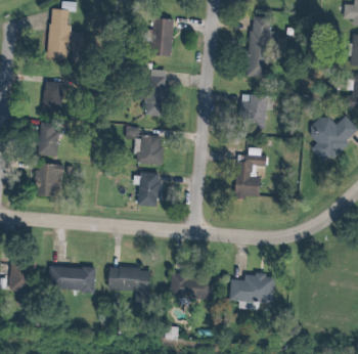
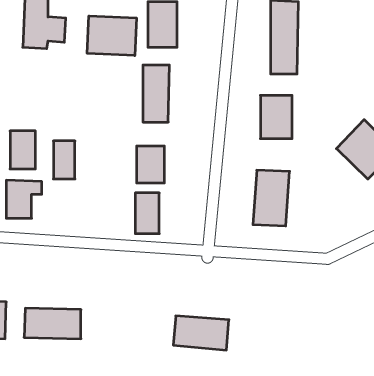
building: none -> [87,16,136,56]
building: [45,83,62,114] -> [53,141,75,179]
building: [109,267,149,302] -> none
building: [232,274,275,303] -> none

